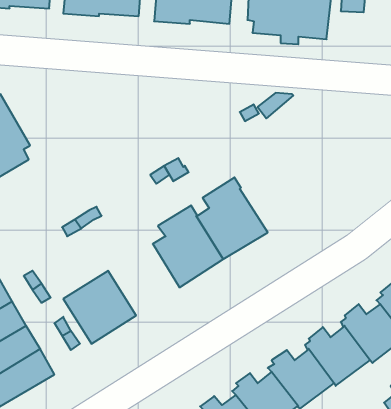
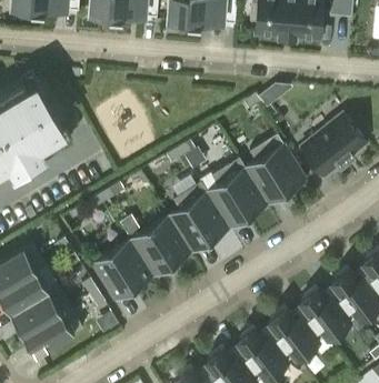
building: none -> [301,115,366,178]
building: none -> [243,135,307,206]
building: none -> [129,216,191,279]

